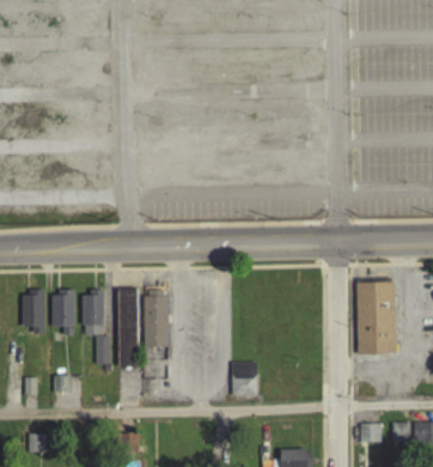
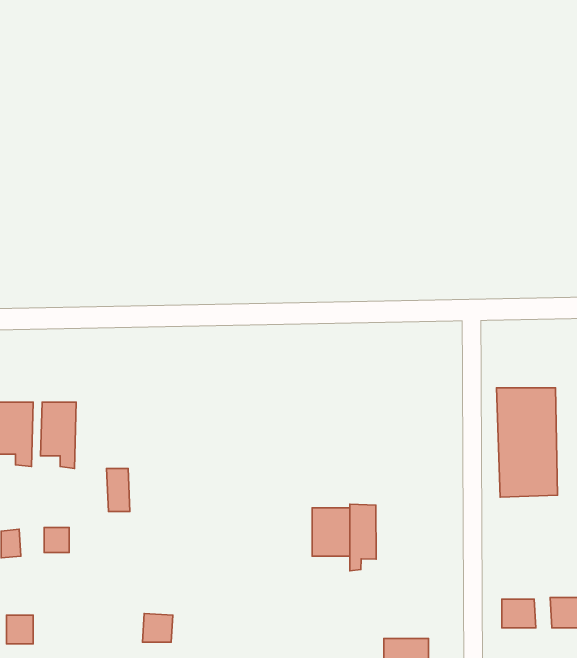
building: [117,287,140,365] -> none
building: [83,291,104,334] -> none
building: [145,295,171,346] -> none
building: none -> [350,504,376,571]

